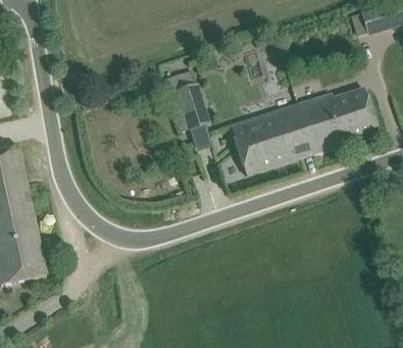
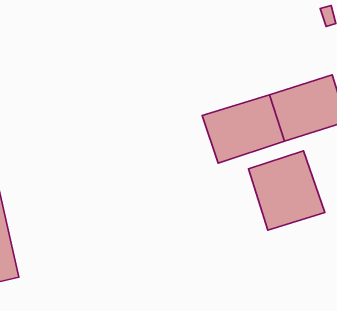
building: [163,69,209,131] -> none
building: none -> [248,151,325,230]

